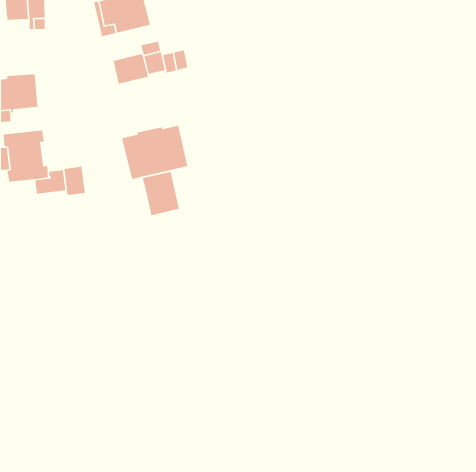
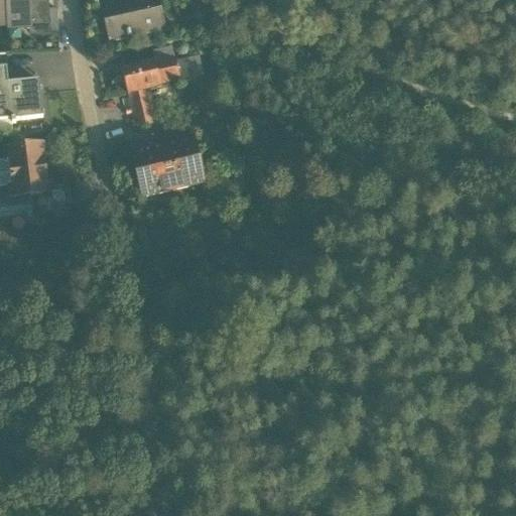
building: none -> [128,87,154,122]
building: [63,166,86,196] -> none
building: [142,171,180,216] -> none

